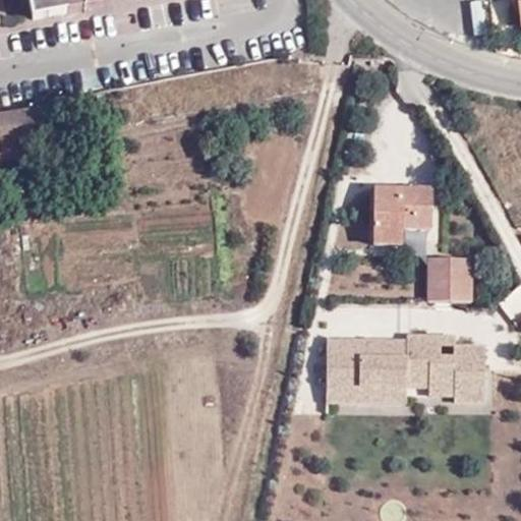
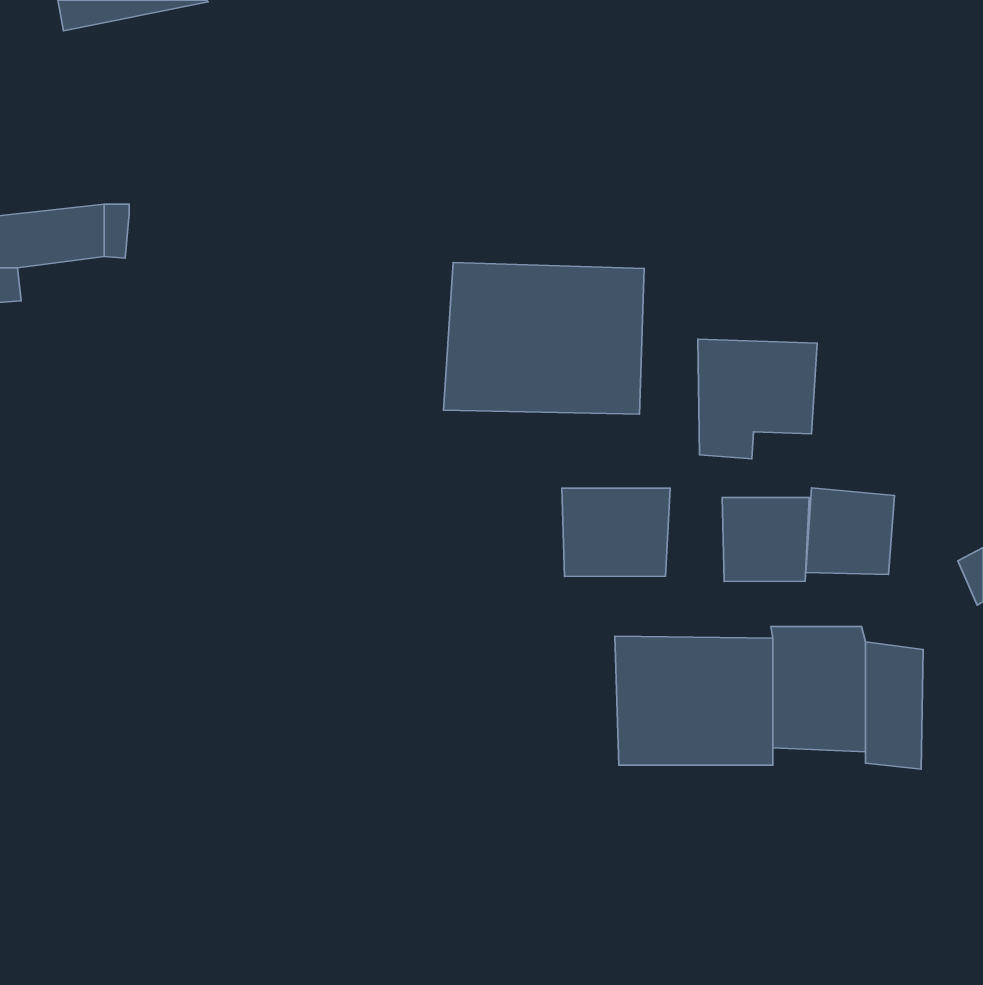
building: none -> [444,262,644,414]
building: none -> [562,488,670,577]
building: none -> [722,498,809,582]

